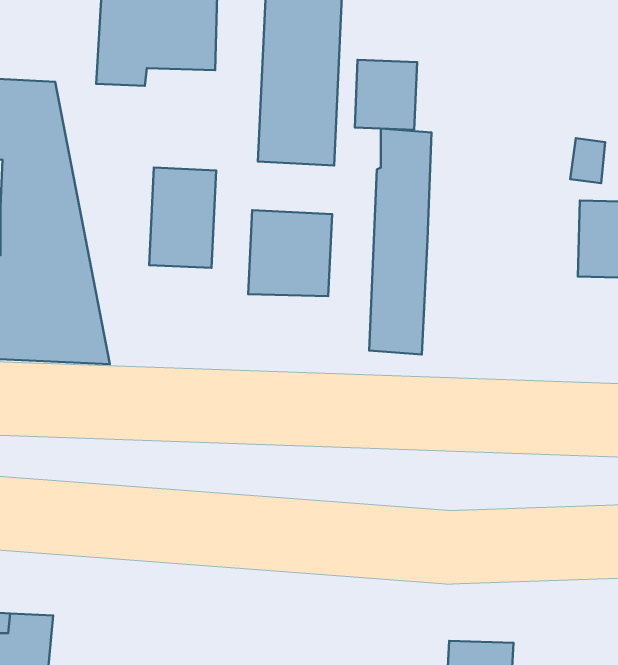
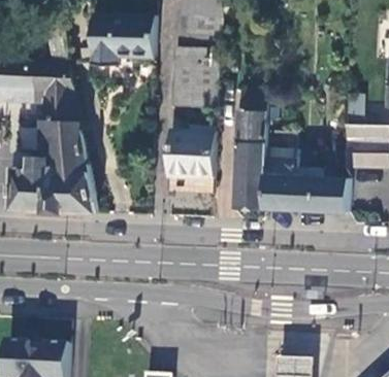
building: [355,60,417,130] -> none
building: [149,168,216,268] -> none
building: none -> [261,147,347,213]

